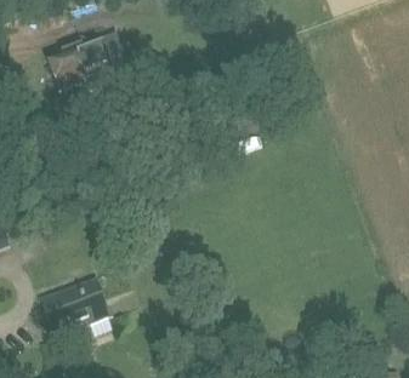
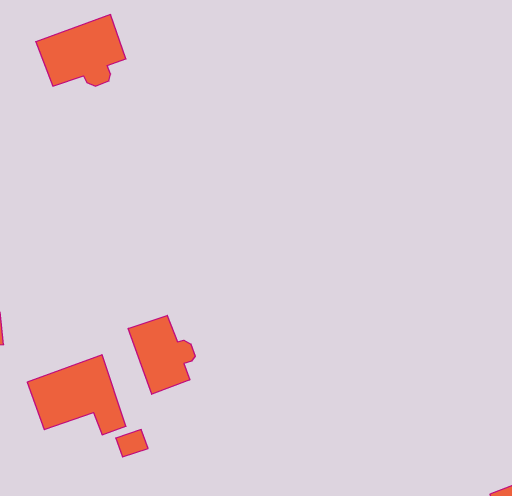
building: none -> [128,315,195,394]

